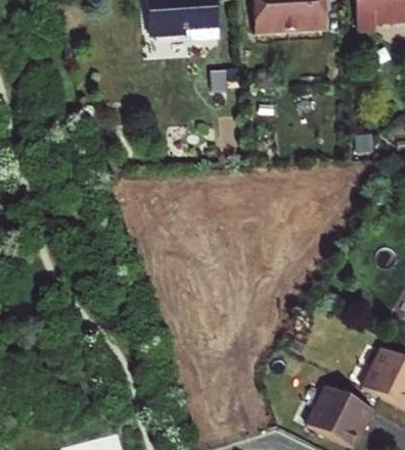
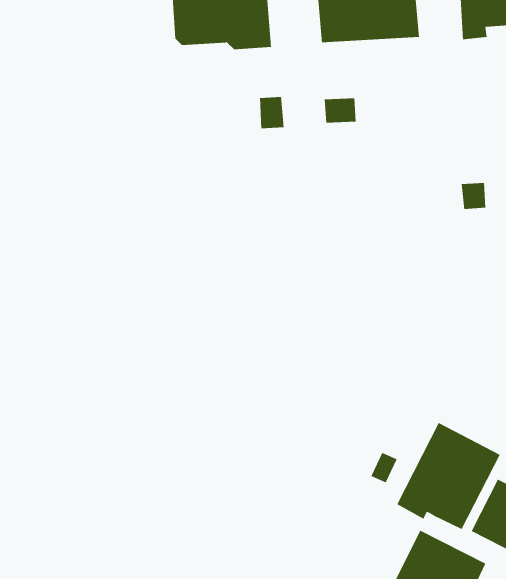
building: none -> [396,422,500,530]

